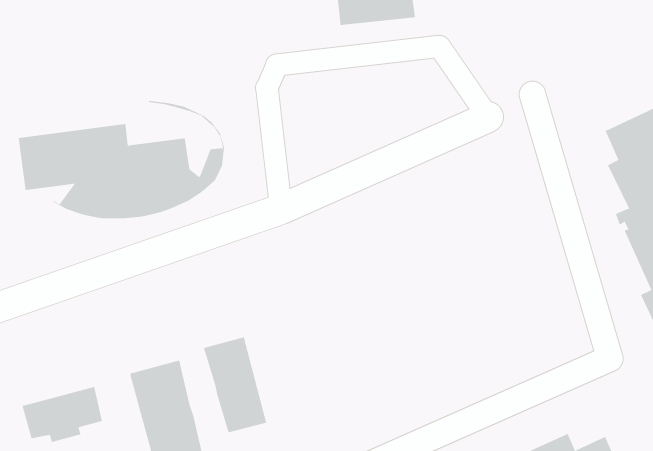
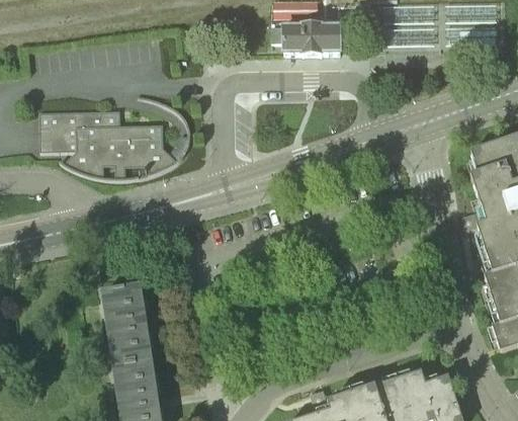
building: [203,337,267,433] -> none
building: [22,386,103,443] -> none

